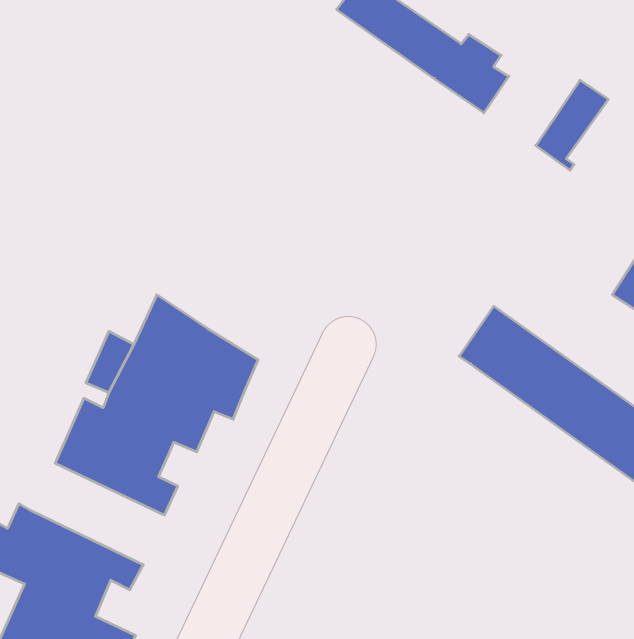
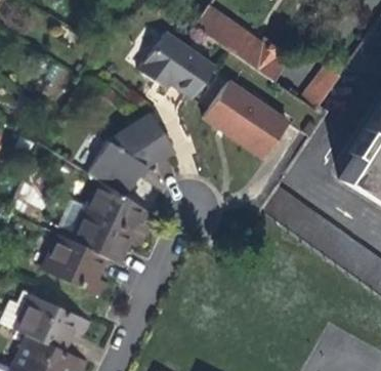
building: none -> [137,32,213,97]
building: none -> [205,81,288,159]
building: none -> [88,110,176,198]

